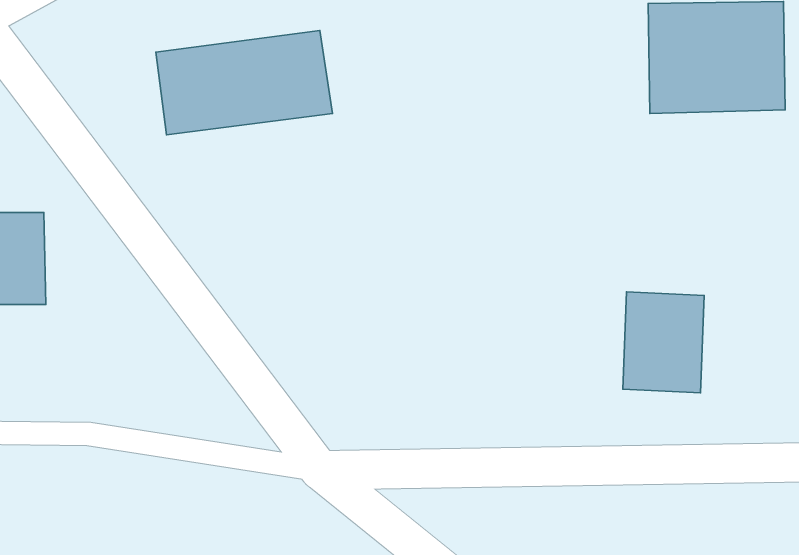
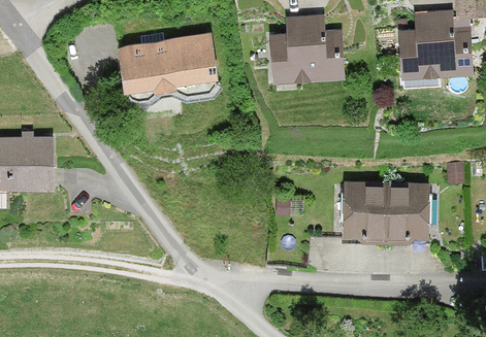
building: none -> [266,24,345,83]
building: none -> [337,181,385,238]

